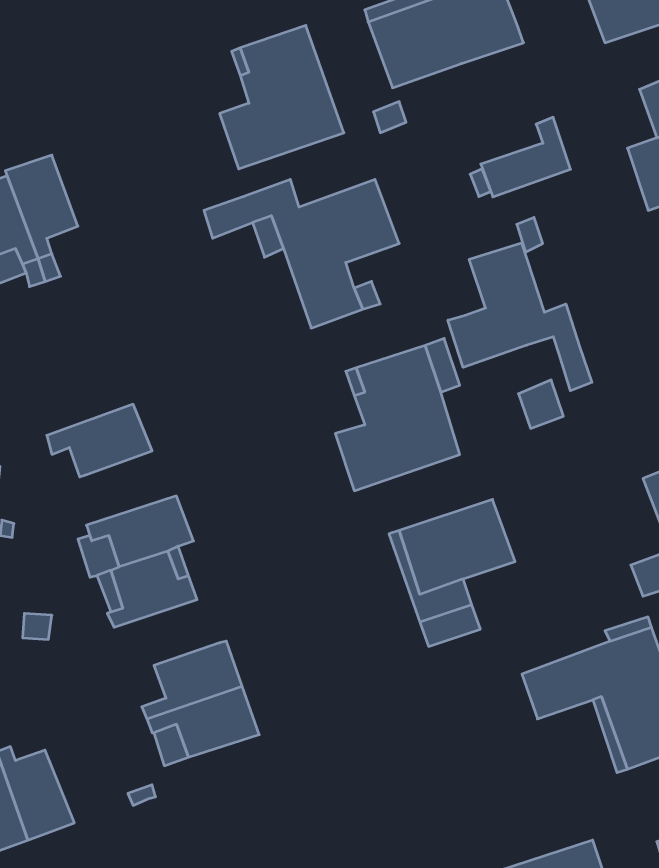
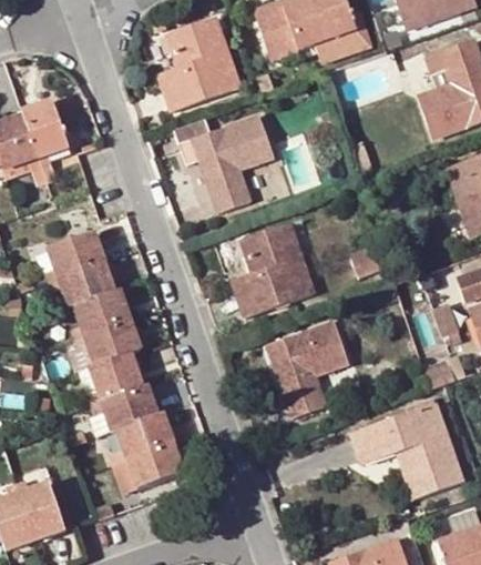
building: [481,117,571,197] -> [314,12,371,63]
building: [448,243,592,391] -> none
building: none -> [35,232,103,284]
building: none -> [70,290,131,339]
building: none -> [91,385,158,431]

